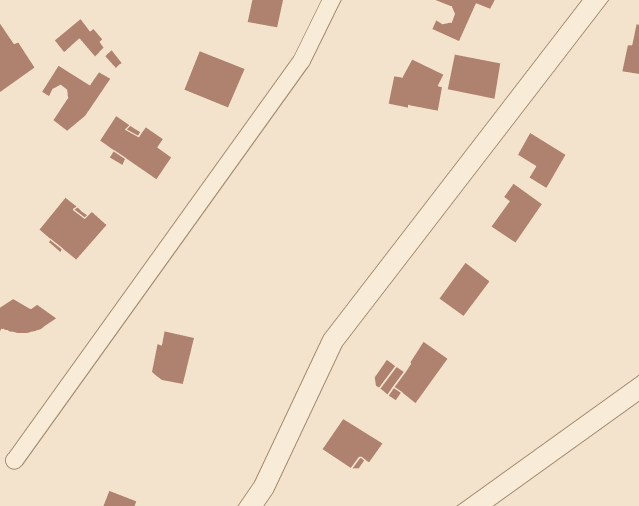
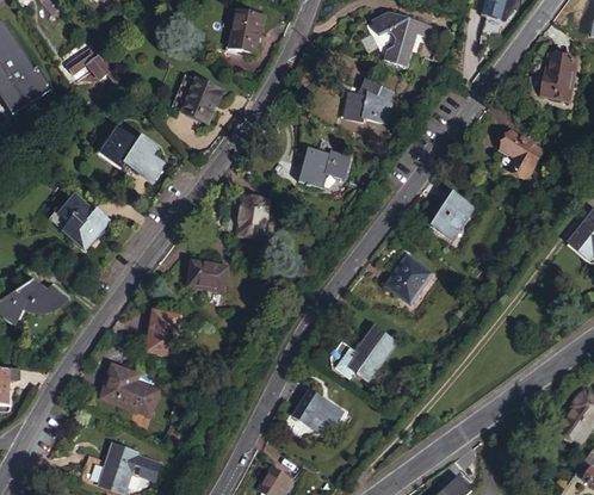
building: [447,54,501,99] -> none
building: [41,65,111,132] -> none
building: [517,132,566,189] -> [506,125,547,173]
building: none -> [302,149,352,188]
building: none -> [241,198,268,239]
building: none -> [192,262,230,293]
building: none -> [98,369,155,419]

